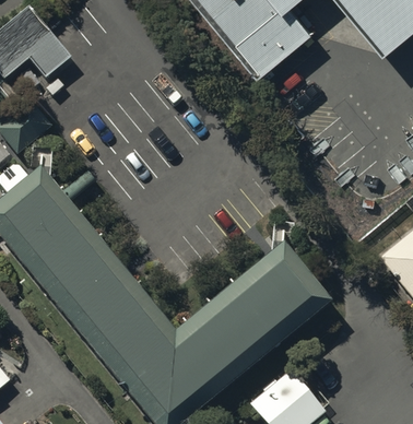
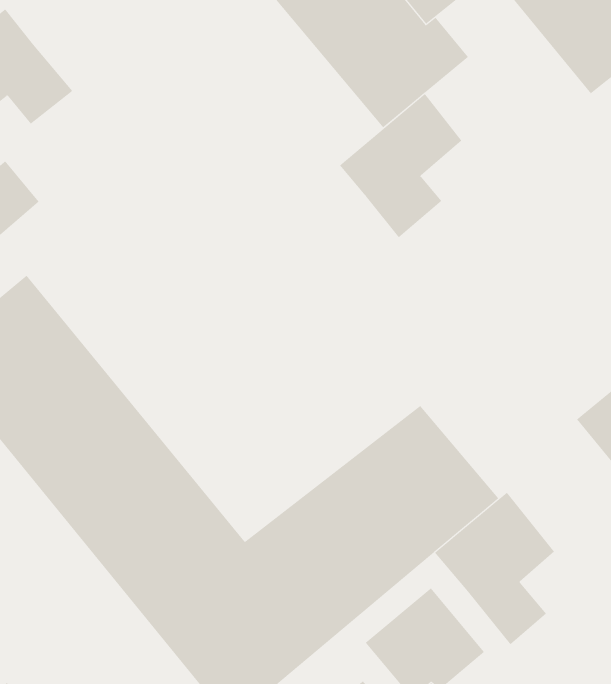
building: none -> [339,93,462,238]
building: none -> [434,492,555,645]

